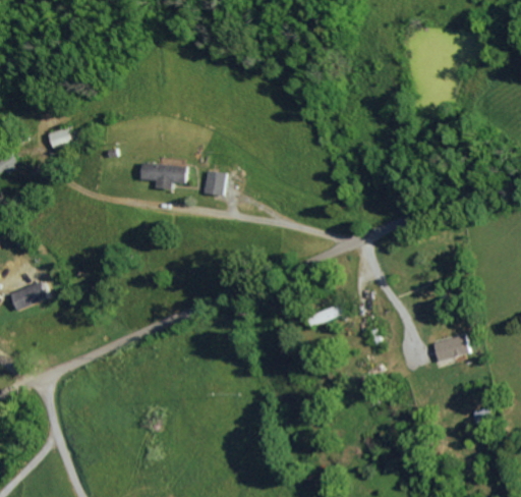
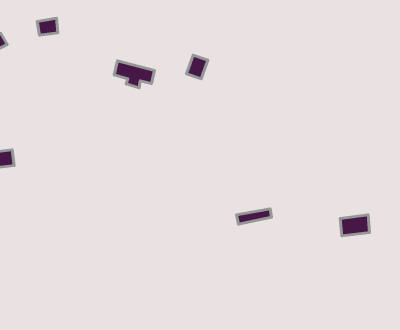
building: [204,171,225,197] -> [187,55,208,79]
building: [433,334,469,363] -> [340,215,370,236]

